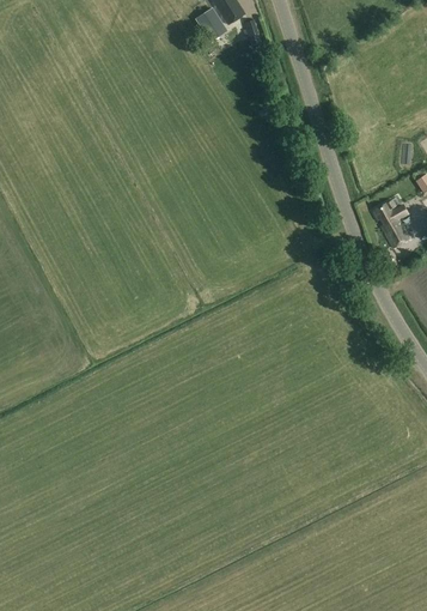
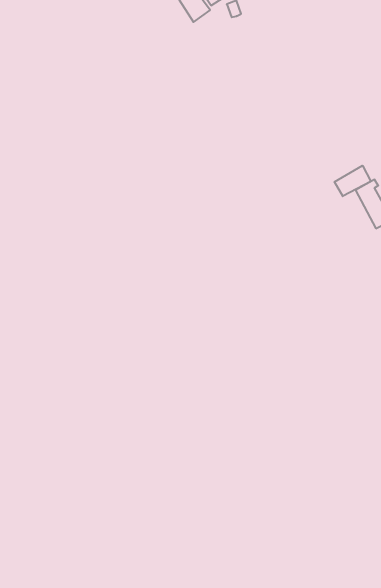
building: none -> [335,166,371,196]

